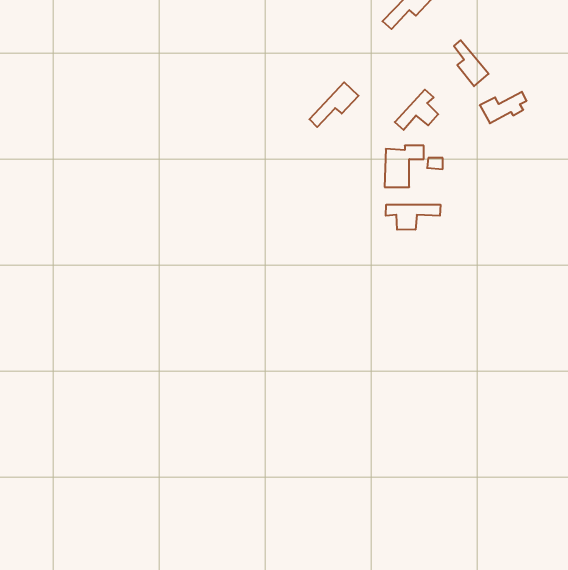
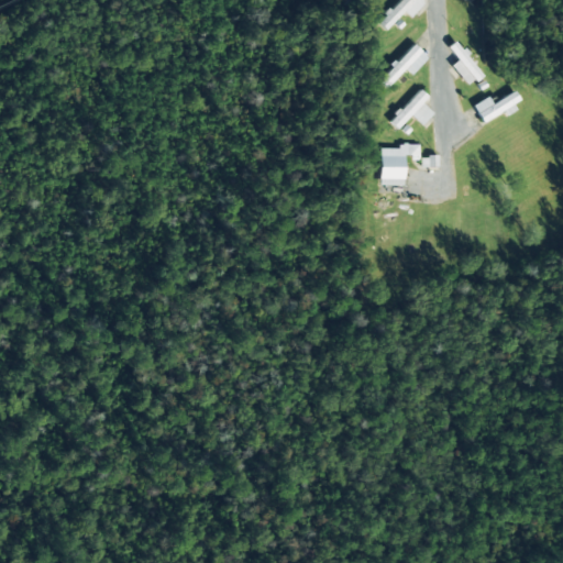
building: [309,82,359,127] -> [380,43,429,87]
building: [386,205,440,230] -> none

